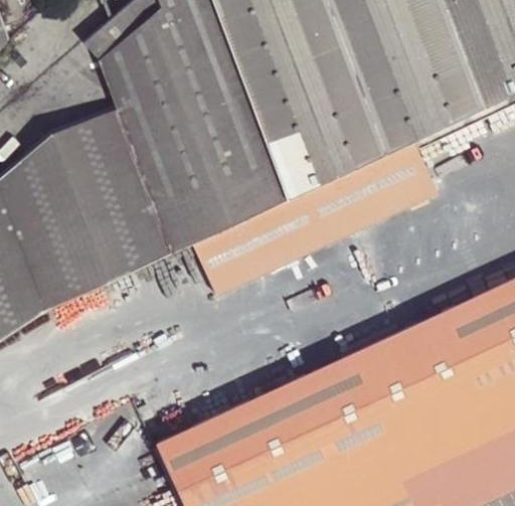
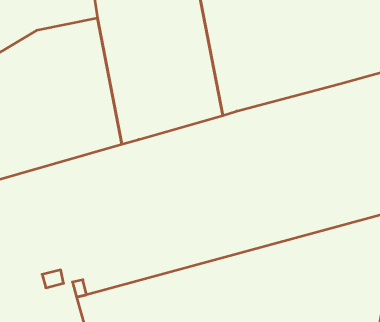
building: [192,138,440,293] -> none

